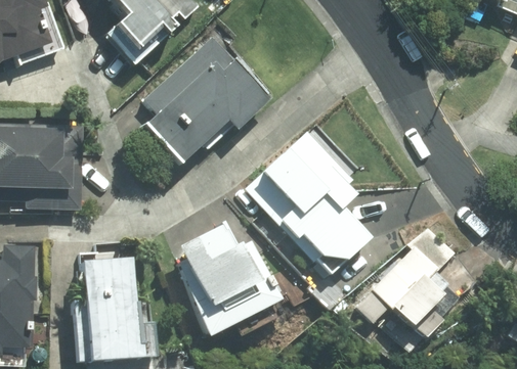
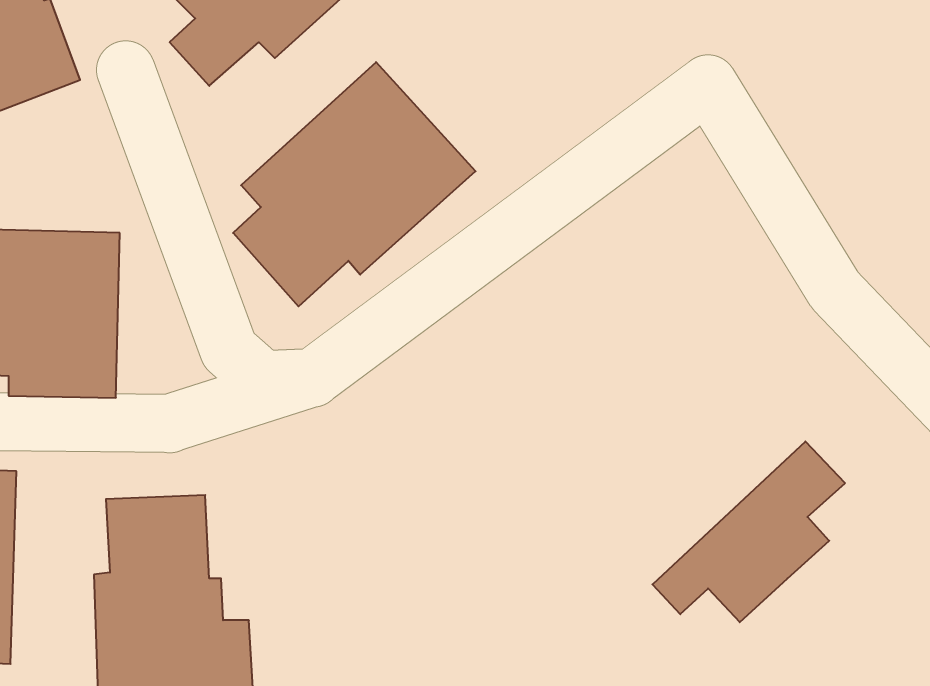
building: [249,132,368,275] -> none
building: [175,225,279,339] -> none

